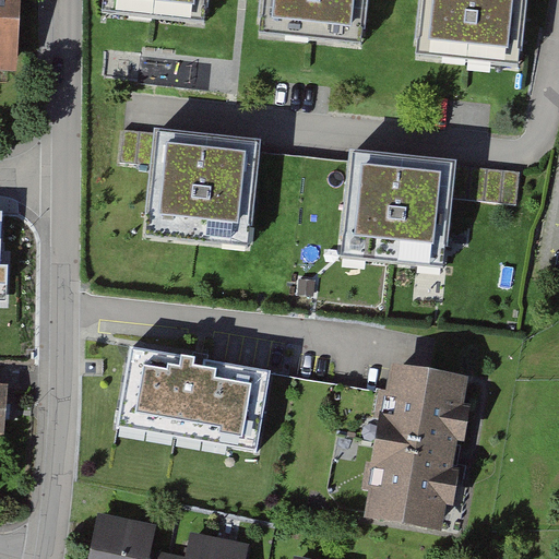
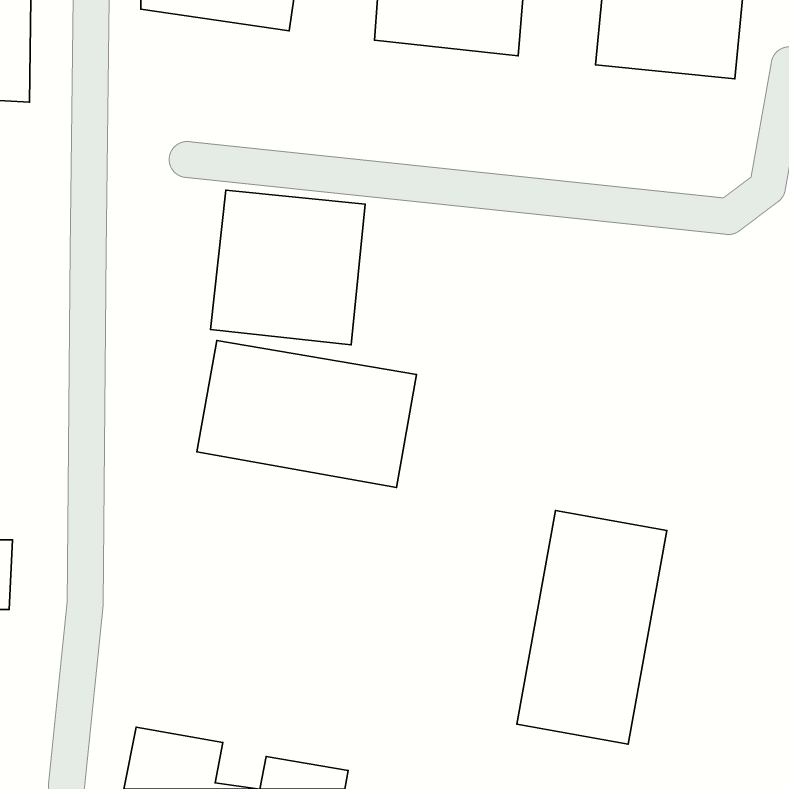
building: [344,156,453,260] -> none
building: [116,349,271,453] -> [197,340,417,487]

